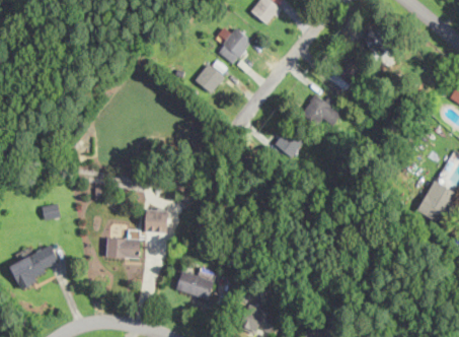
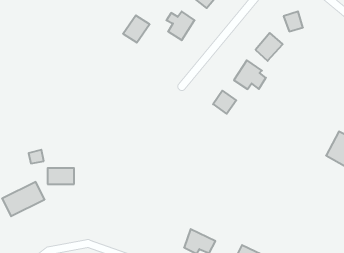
building: [195,58,228,92] -> [123,15,150,43]
building: [146,209,168,233] -> none
building: [106,238,140,258] -> [48,168,74,184]
building: [175,270,214,299] -> none

